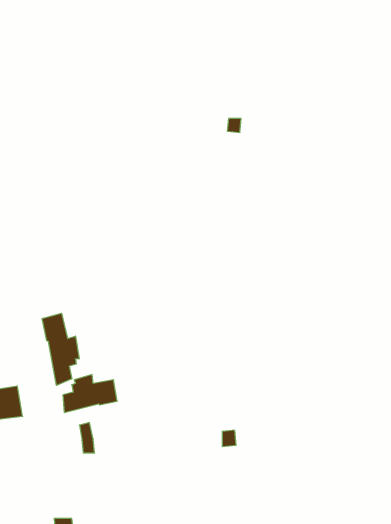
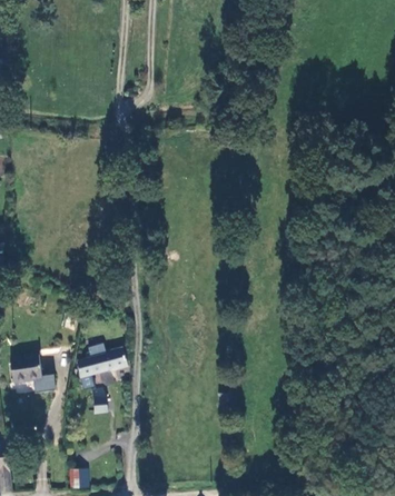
building: [42,313,79,385] -> none

